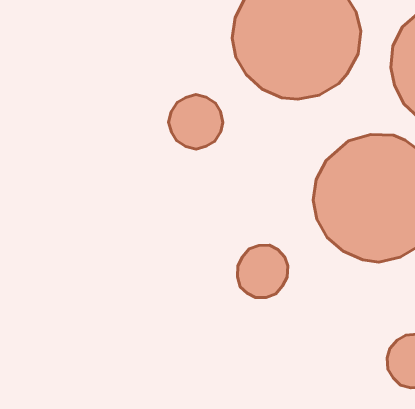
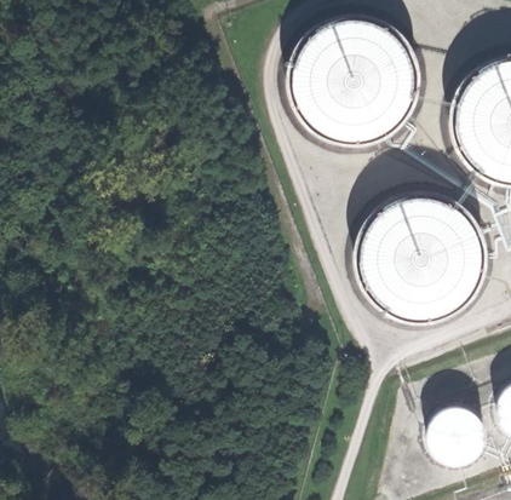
building: [169,95,223,149] -> none
building: [237,245,288,298] -> none

